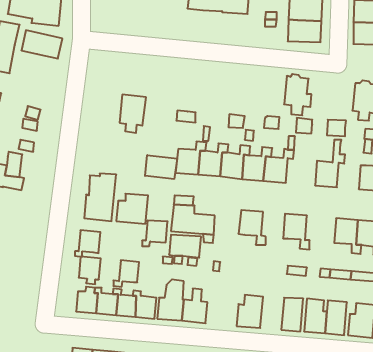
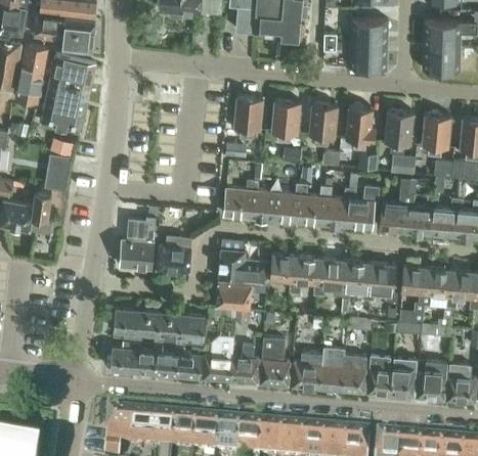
building: none -> [41,77,91,131]
building: none -> [271,98,300,141]
building: none -> [308,102,338,145]
building: none -> [385,109,414,151]
building: [120,95,146,133] -> [233,95,263,138]
building: none -> [347,184,380,227]
building: [145,155,177,179] -> none
building: none -> [404,195,438,232]
building: none -> [269,254,301,292]
building: none -> [319,258,349,298]
building: none -> [368,262,397,302]
building: [142,220,168,246] -> [176,314,205,343]
building: [75,230,100,257] -> [133,310,162,339]
building: none -> [260,337,290,384]
building: none -> [318,346,345,390]

